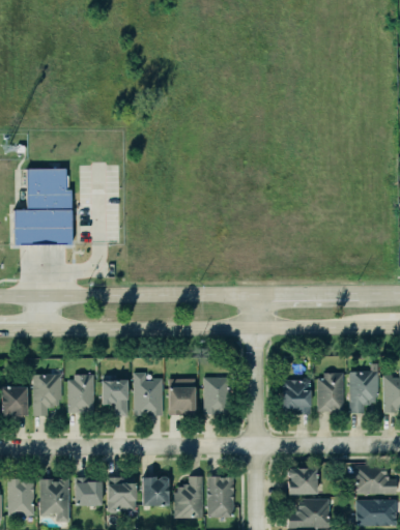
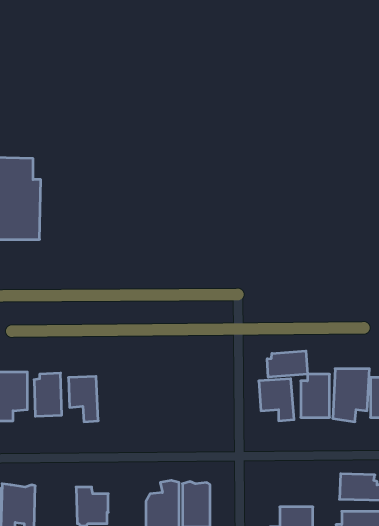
building: none -> [267,351,307,377]
building: [133,371,162,416] -> none
building: [202,375,227,412] -> none
building: [167,376,194,415] -> none
building: [286,464,315,495] -> none
building: [138,470,167,503] -> none
building: [73,477,102,504] -> none

